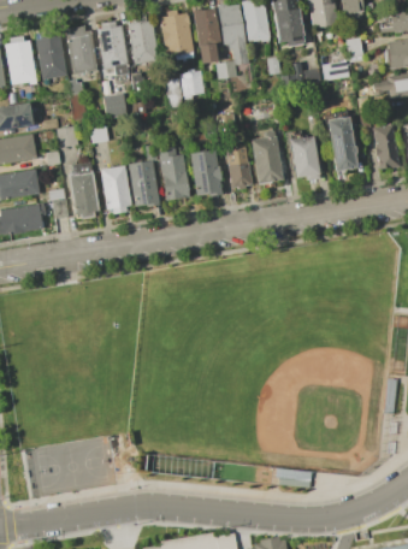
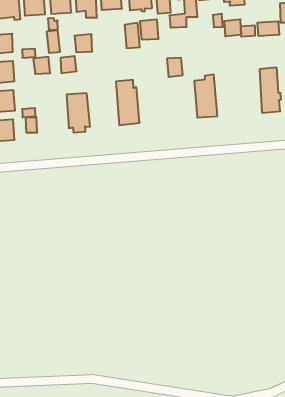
building: [290,136,319,181] -> none
building: [128,143,159,206] -> none
building: [226,147,253,189] -> none
building: [190,149,221,196] -> none
building: [69,161,99,218] -> none

